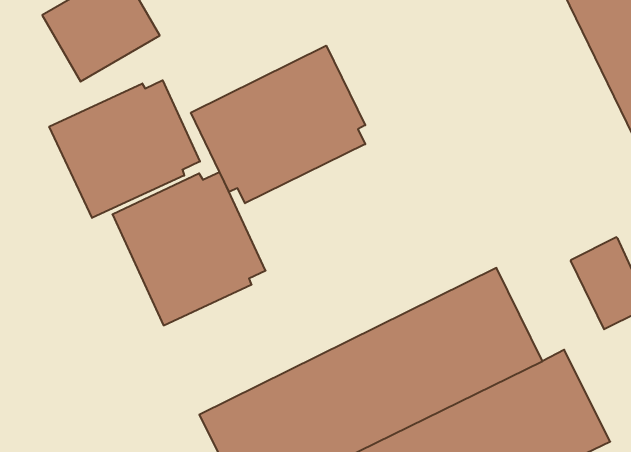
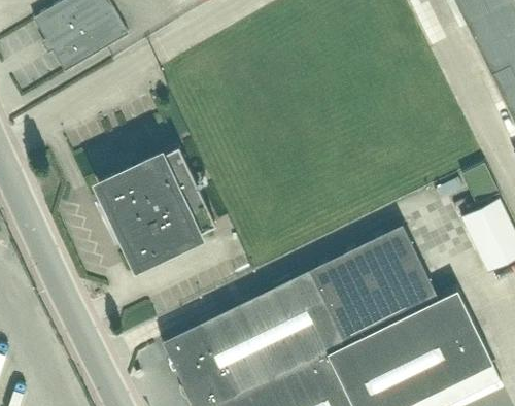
building: [191,46,365,203] -> none
building: [49,80,200,218] -> none

